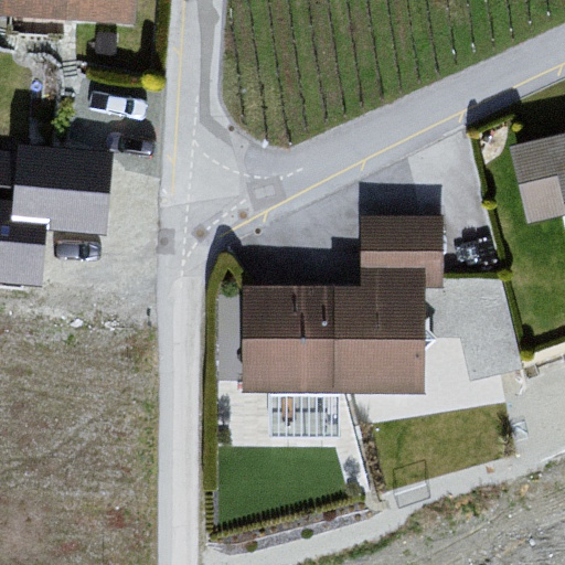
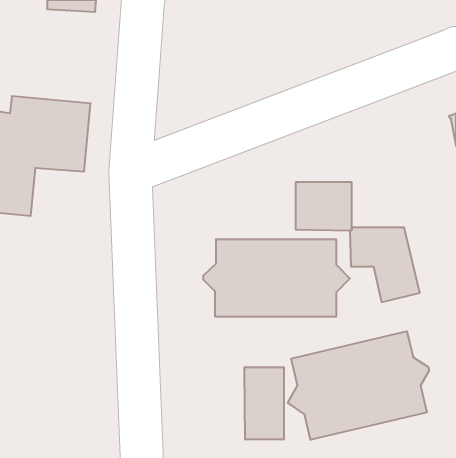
building: none -> [288,331,429,440]
building: none -> [245,367,284,440]

